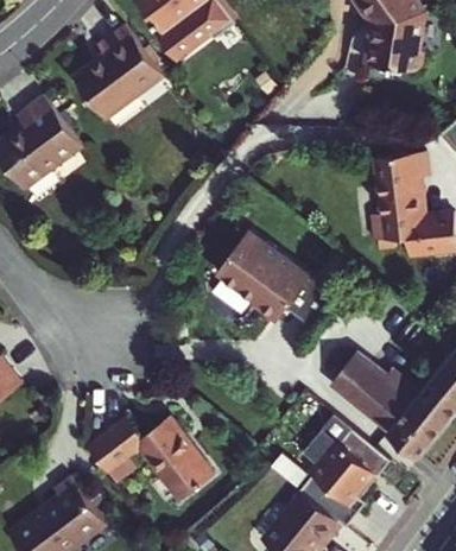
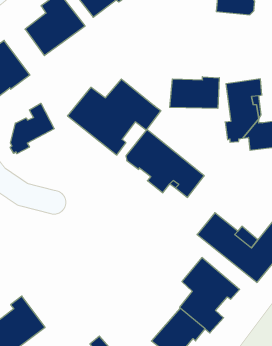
building: none -> [170,77,219,108]
building: none -> [68,79,161,155]
building: none -> [10,103,54,154]
building: [88,414,213,500] -> none

